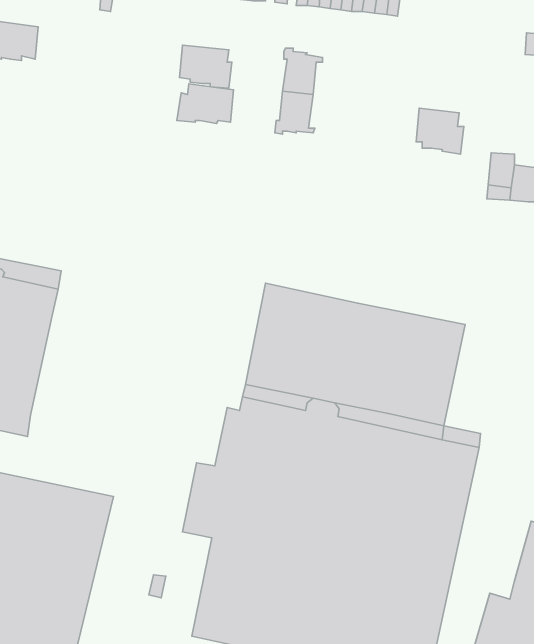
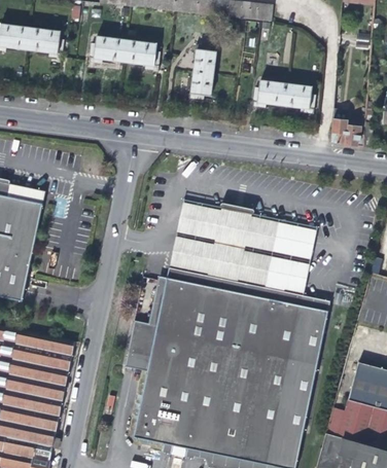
building: none -> [28,29,65,58]
building: [177,84,234,124] -> [89,37,127,64]
building: none -> [251,80,285,109]

